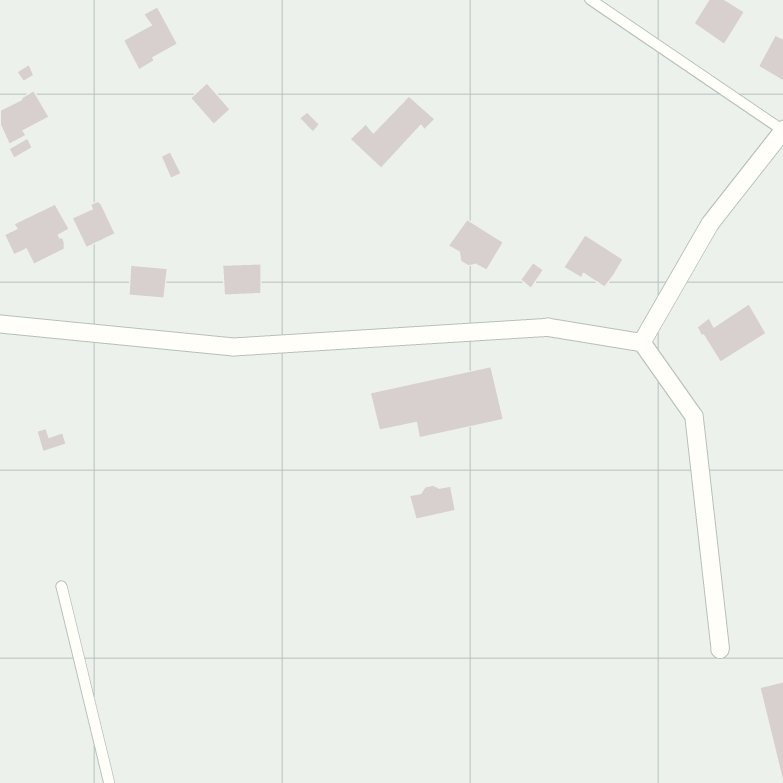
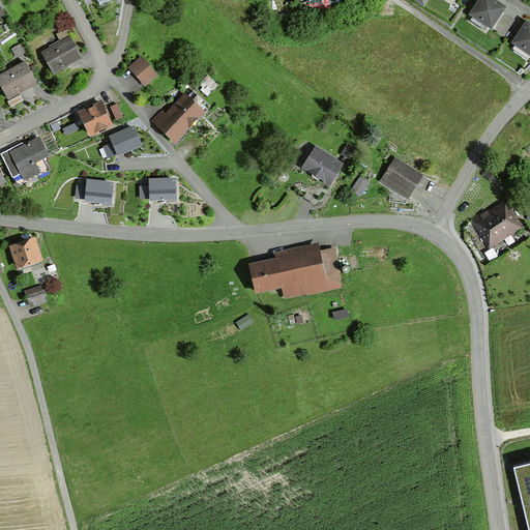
building: [124,7,177,70] -> [42,29,79,71]
building: [350,96,435,168] -> [152,91,209,140]
building: none -> [113,127,140,152]
building: [72,201,115,247] -> [81,101,110,132]
building: none -> [13,239,39,265]
building: [409,485,455,519] -> none

